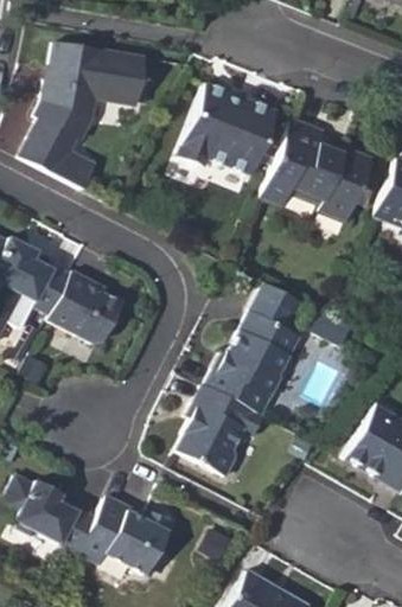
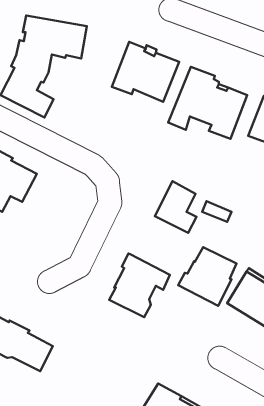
building: [47,270,123,344] -> none
building: [206,331,289,415] -> [178,247,236,306]
building: [78,498,173,575] -> none

